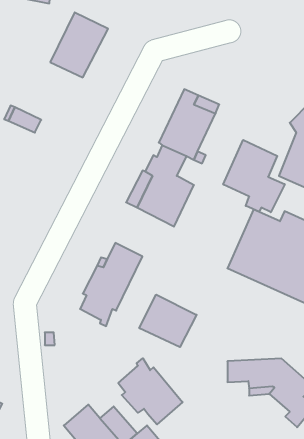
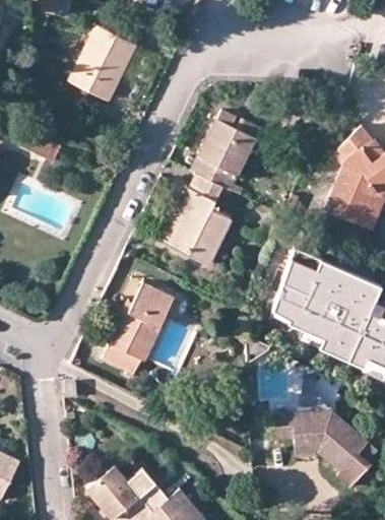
building: [223,140,285,212] -> none
building: [139,295,197,347] -> none
building: [118,358,183,424] -> none

